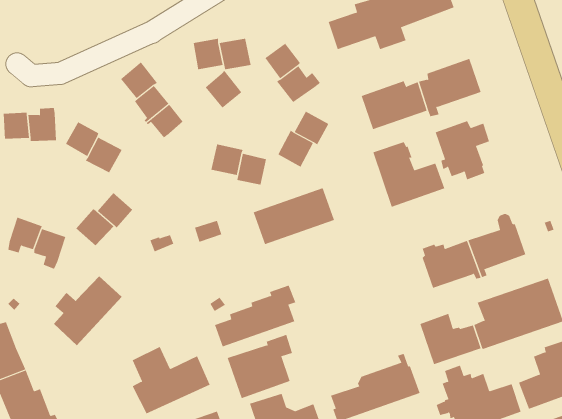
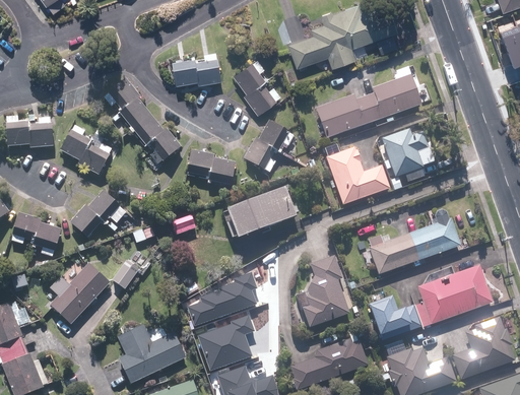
building: [205,70,242,109] -> [148,127,181,160]
building: none -> [302,256,348,327]
building: none -> [112,260,138,288]

